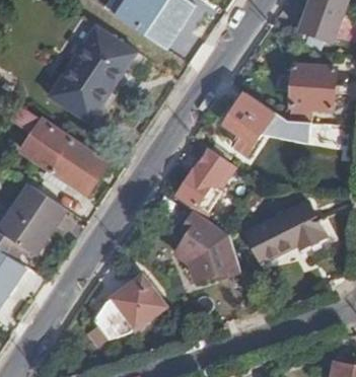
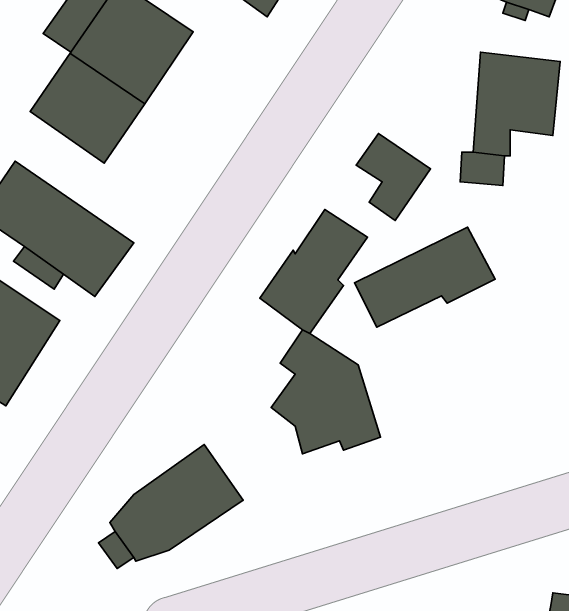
building: [246,204,324,258] -> [354,227,495,327]

